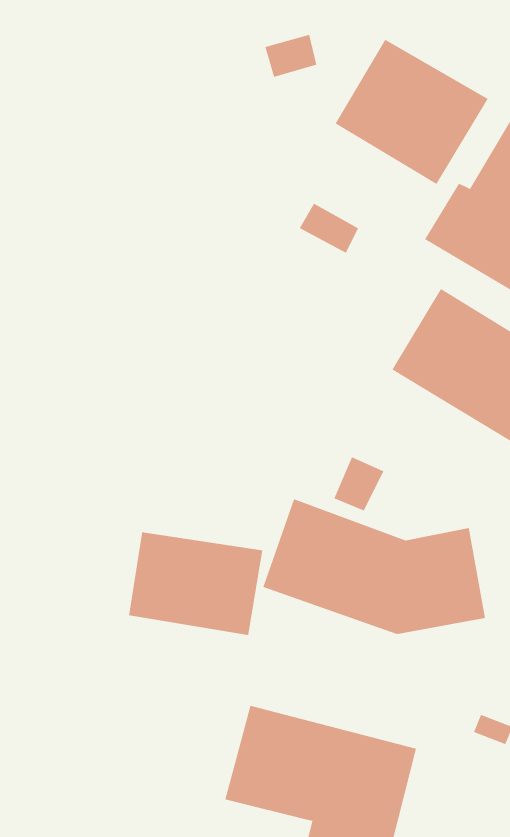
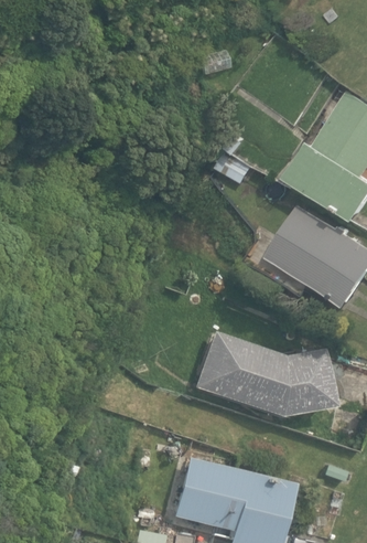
building: [335,39,488,185] -> none
building: [128,531,263,636] -> none

